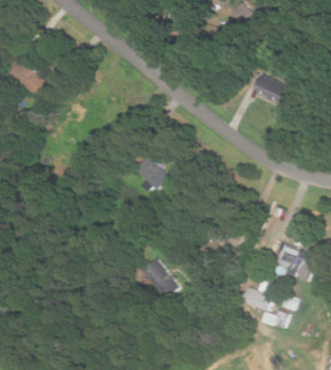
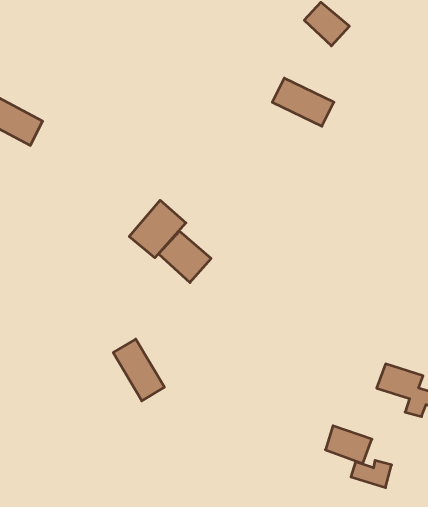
building: [254,74,296,106] -> [272,78,334,126]
building: none -> [129,200,186,258]
building: [141,257,176,298] -> [113,339,164,401]

